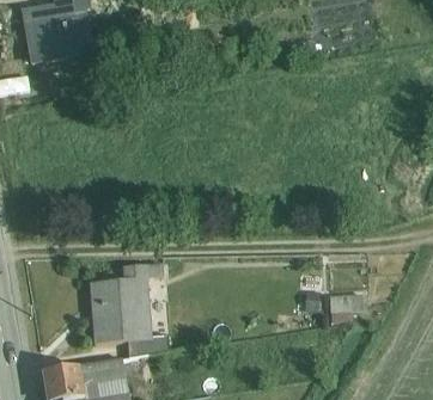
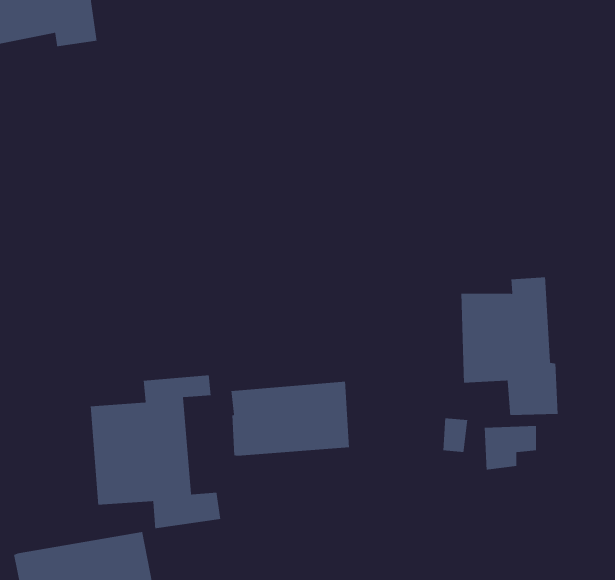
building: none -> [460,276,558,416]
building: none -> [230,381,350,457]

